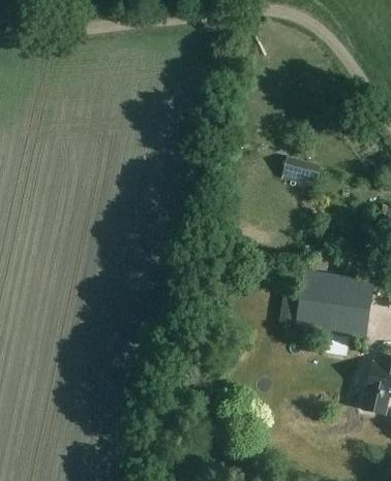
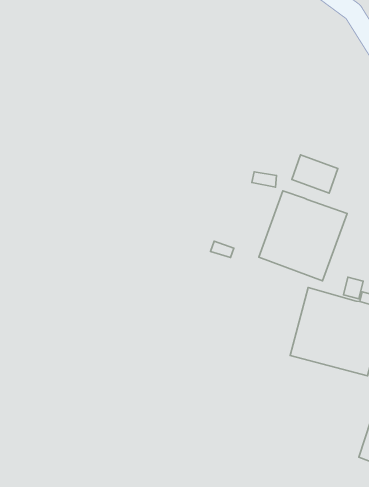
building: none -> [259,191,347,281]

